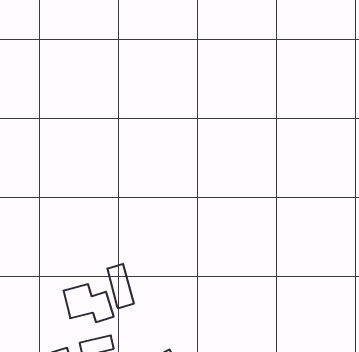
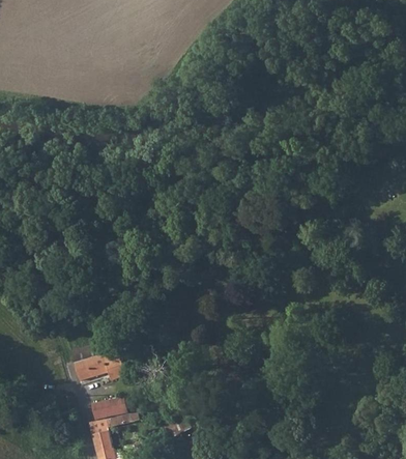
building: [107,264,134,308] -> none

